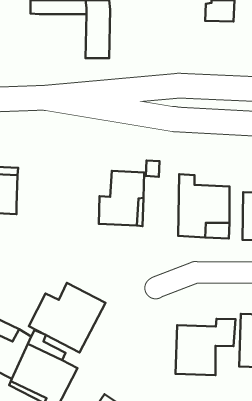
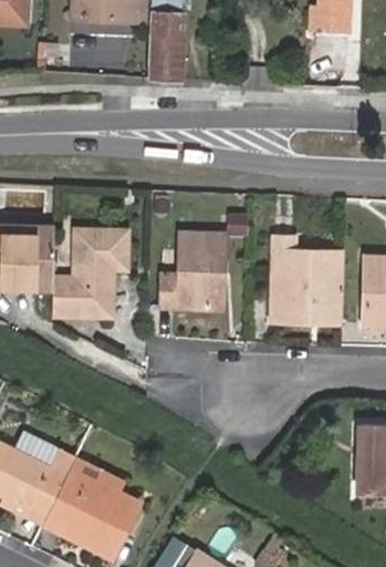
building: none -> [53,236,129,319]
building: [29,283,106,352] -> none
building: [176,319,236,375] -> none

